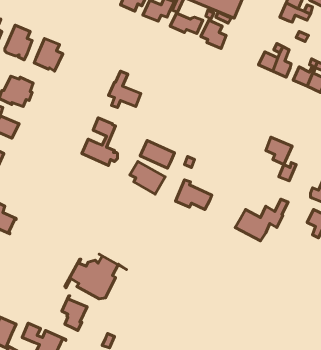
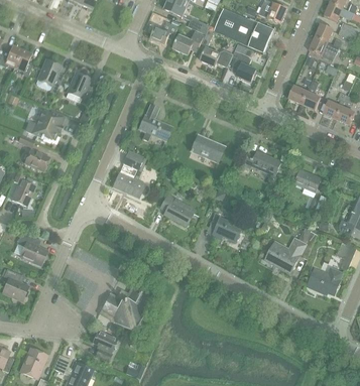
building: none -> [242,150,280,175]
building: [140,141,175,168] -> [190,134,224,161]
building: none -> [307,267,342,294]

